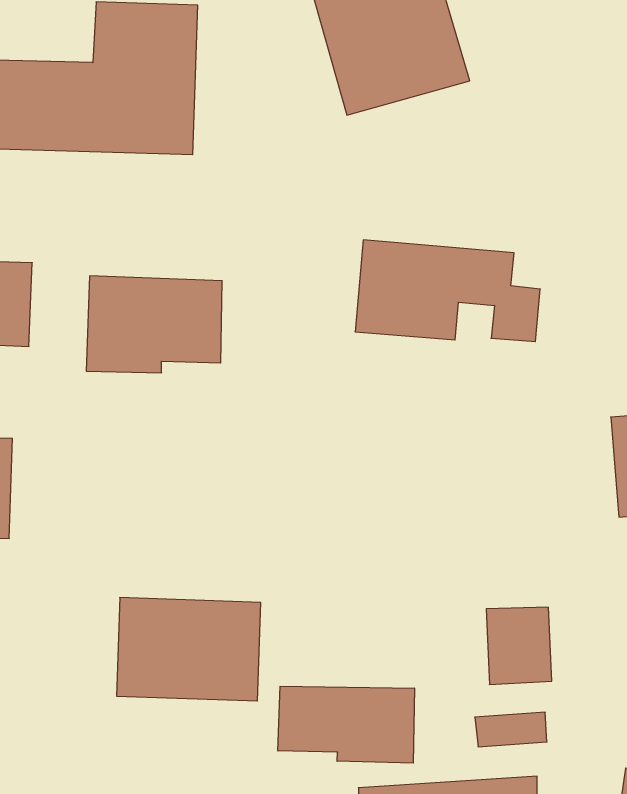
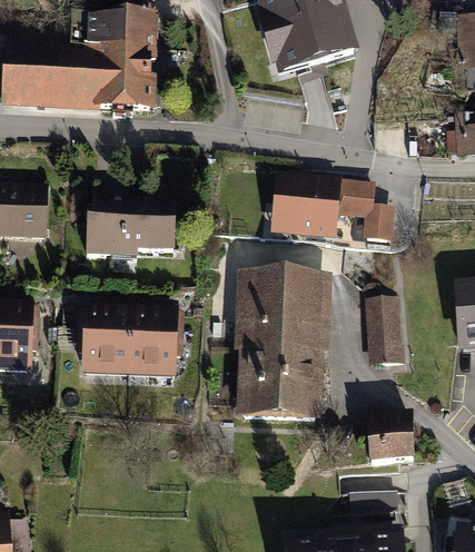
building: none -> [238,270,328,421]
building: none -> [356,296,396,367]
building: [117,598,261,701] -> [86,306,184,376]
building: [278,686,414,763] -> none

